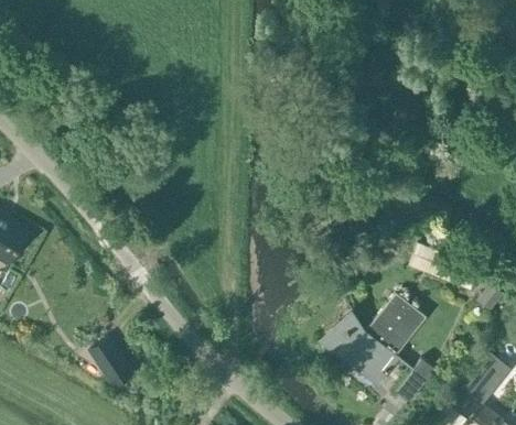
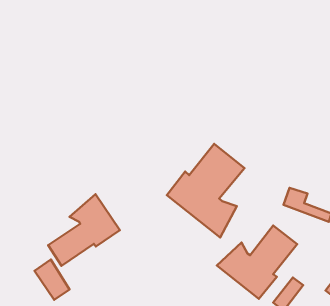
building: none -> [167,144,244,238]
building: none -> [48,194,120,266]

